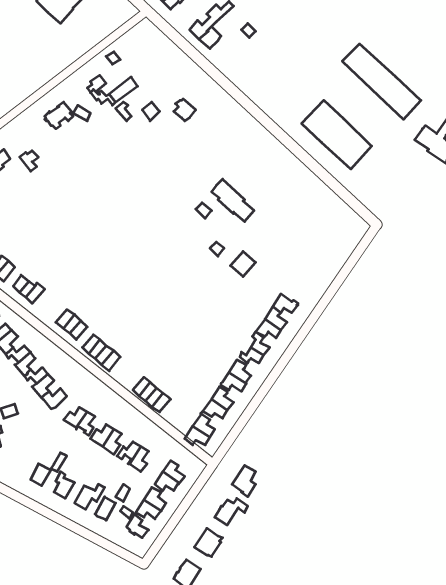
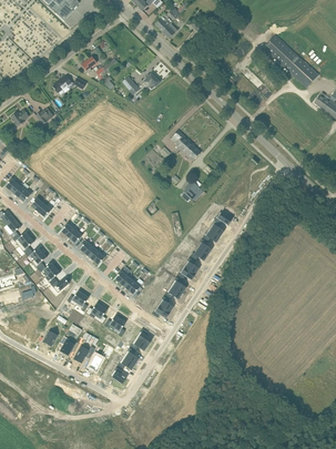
building: [302,100,372,169] -> none

